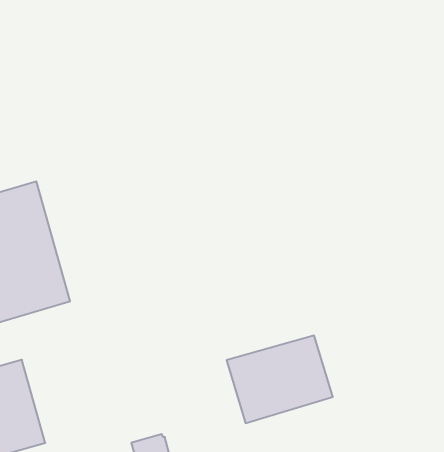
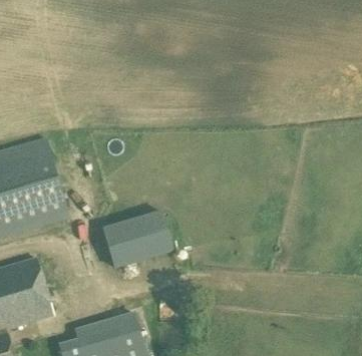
building: [227,335,333,423] -> [101,210,174,270]

